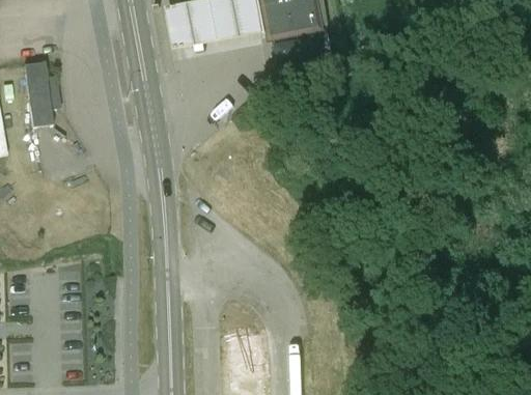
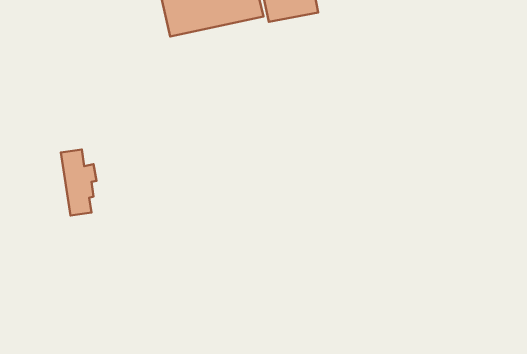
building: [24,60,59,125] -> [61,149,97,216]

